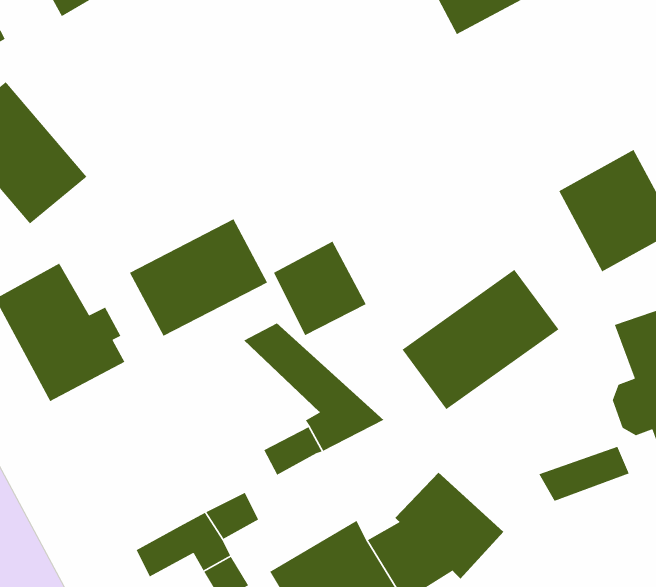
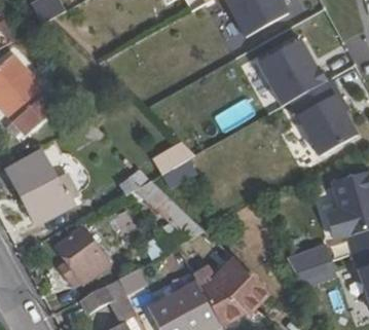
building: none -> [256,33,327,105]
building: [129,218,268,337] -> none
building: [402,269,559,410] -> none
building: none -> [54,230,103,286]

